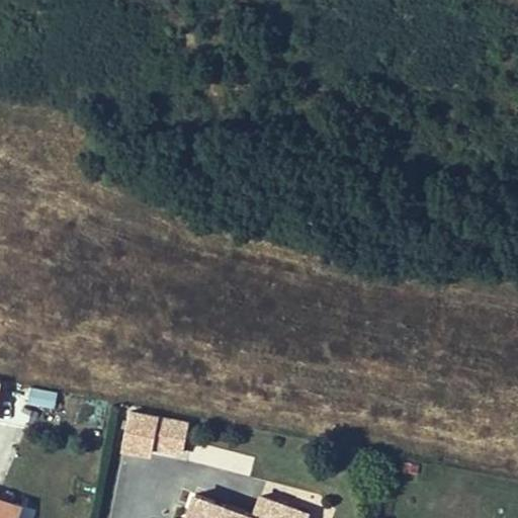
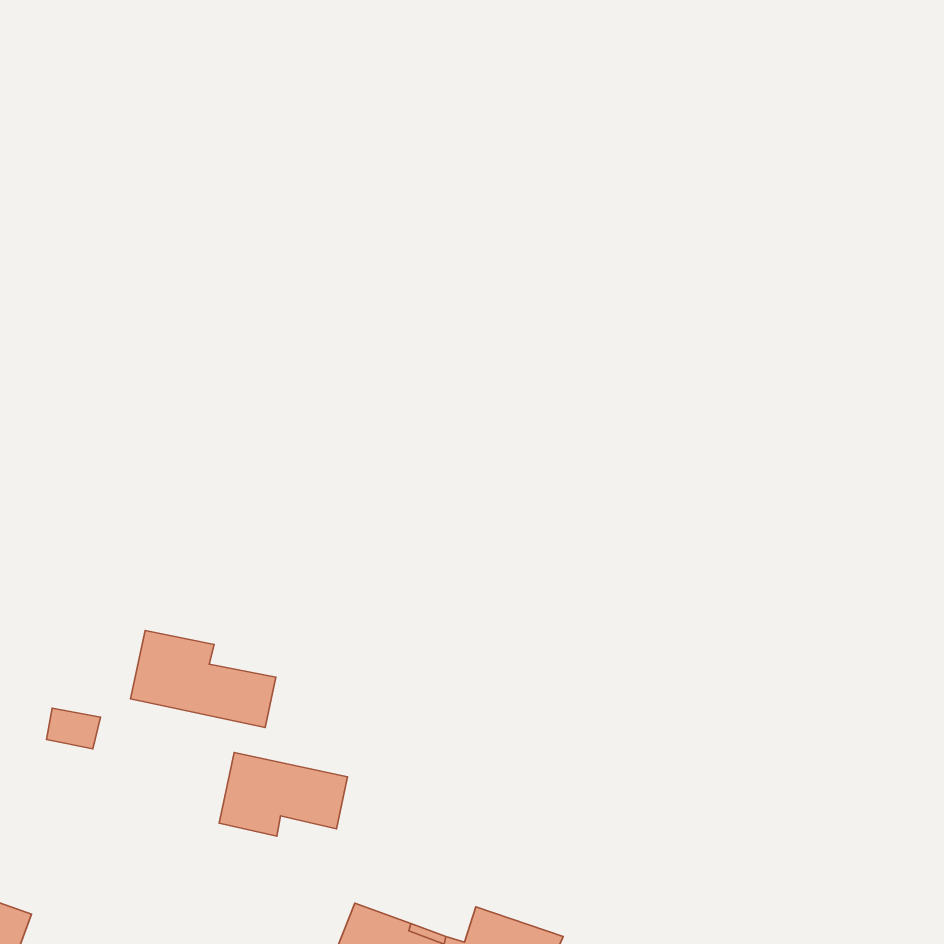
building: none -> [130,631,276,728]

